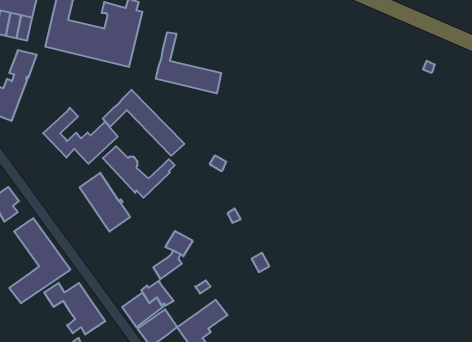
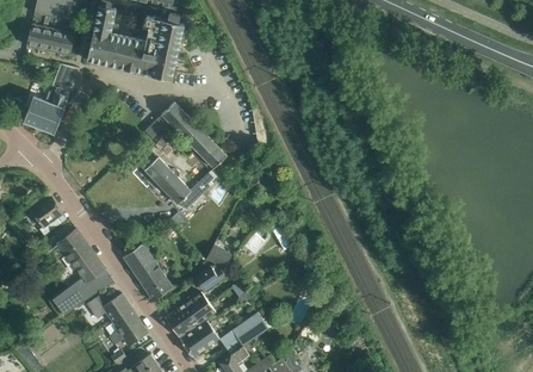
building: [156,32,221,93] -> none
building: [43,108,118,164] -> none
building: [80,173,130,232] -> [123,243,173,302]

